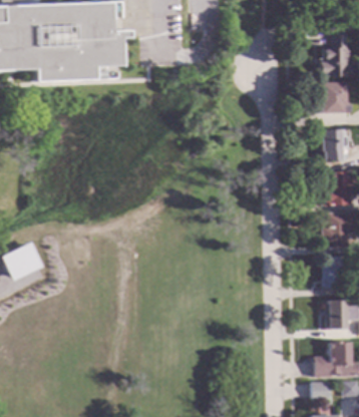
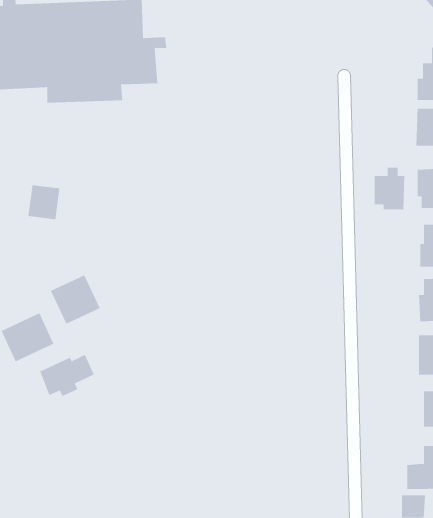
building: none -> [374,167,405,210]
building: none -> [28,184,60,220]
building: none -> [50,274,100,324]
building: none -> [40,354,95,397]

